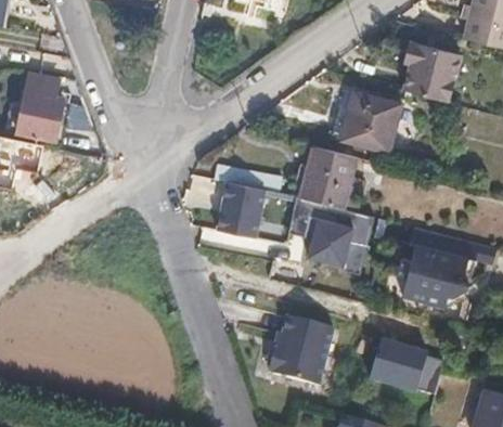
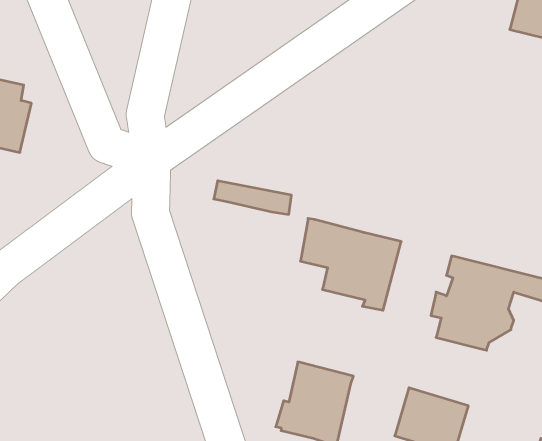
building: [402,40,460,102] -> none
building: [341,90,400,150] -> none
building: [300,145,356,208] -> none
building: [217,182,265,237] -> none

